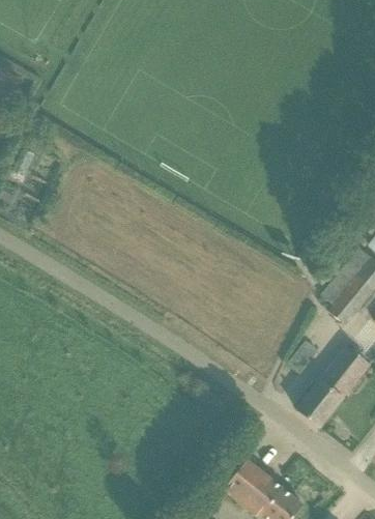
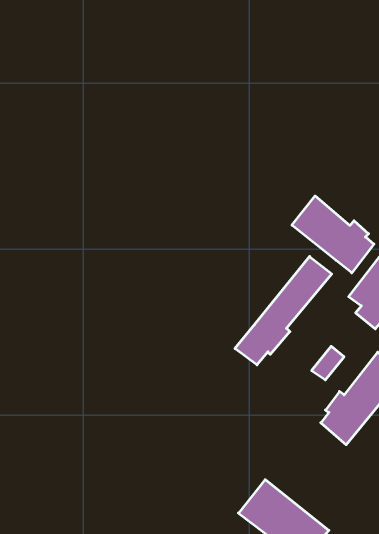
building: none -> [292,196,374,273]
building: none -> [235,256,332,365]

